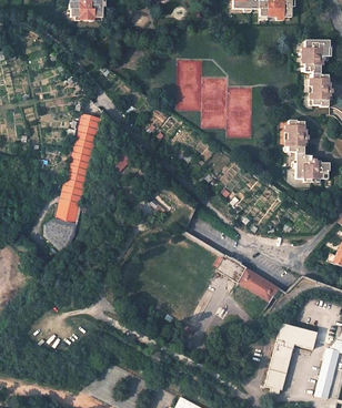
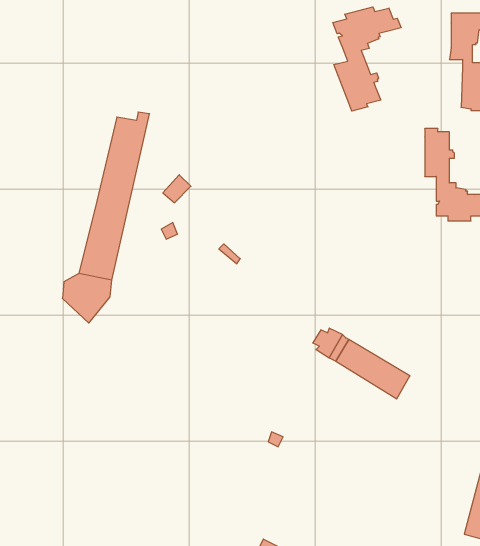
building: none -> [333,7,401,111]
building: [265,323,318,394] -> none

